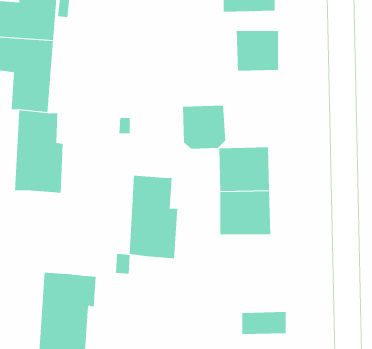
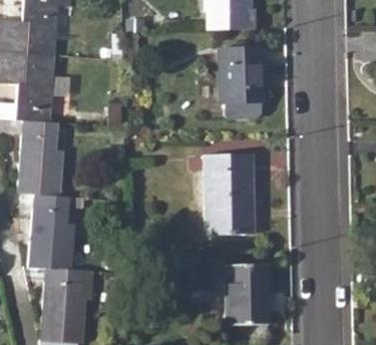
building: [182,105,226,149] -> [222,83,262,123]
building: [129,175,178,259] -> [29,194,74,270]
building: none -> [226,265,267,305]

